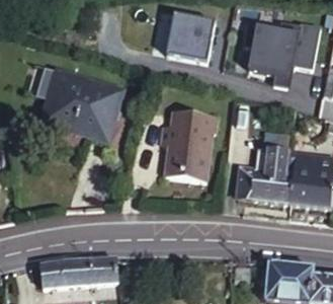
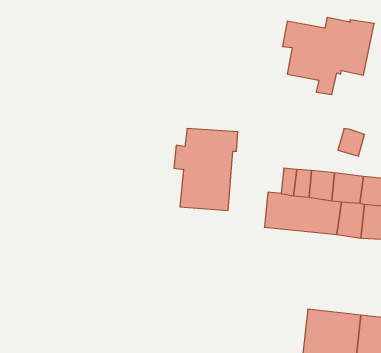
building: [166,13,216,63] -> none
building: [35,66,113,131] -> none
building: [39,260,118,285] -> none

